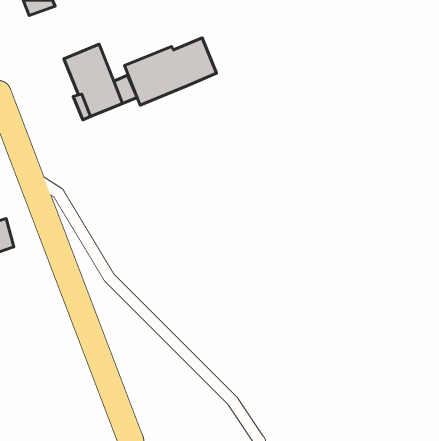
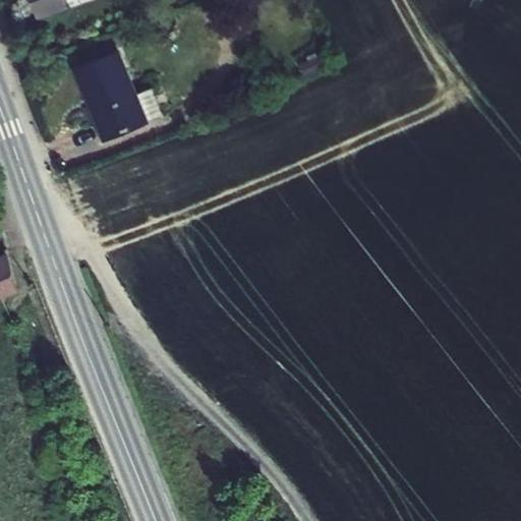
building: [125,38,216,105] -> none

